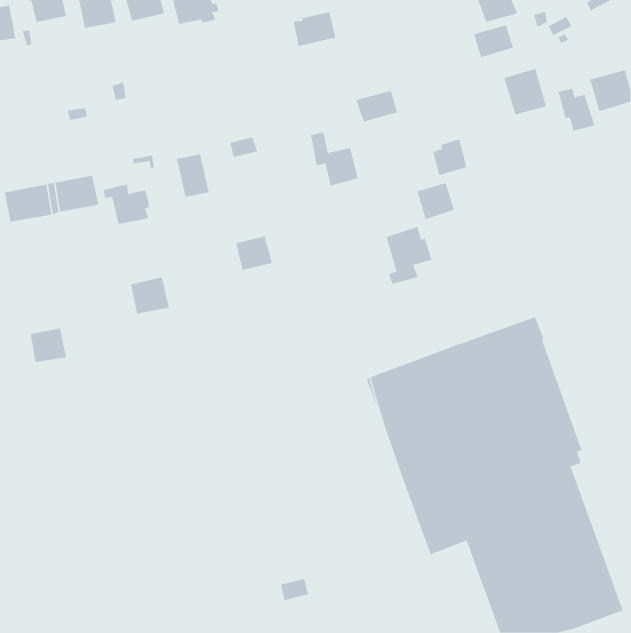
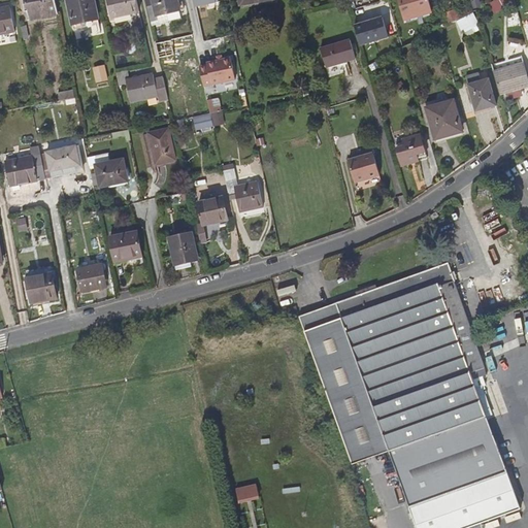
building: [293,12,336,46] -> [198,56,234,85]
building: [473,24,514,58] -> [353,18,387,45]
building: [504,68,547,115] -> [425,99,461,138]
building: none -> [113,68,166,101]
building: [356,90,398,122] -> [319,39,354,66]
building: [310,131,358,186] -> [222,167,262,212]
building: [433,139,467,176] -> [395,134,424,165]
building: [386,226,432,284] -> none
building: none -> [167,232,197,265]
building: none -> [75,263,105,292]

